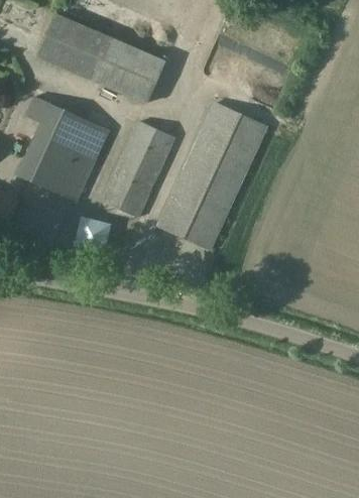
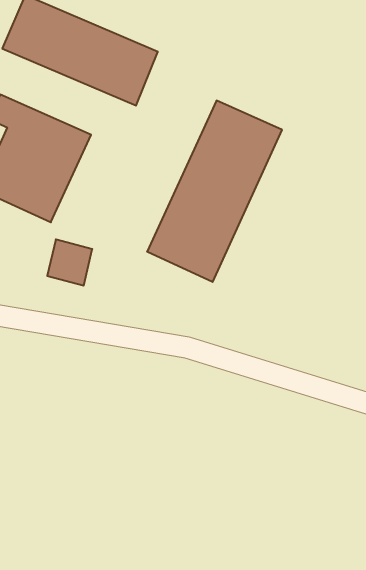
building: [101,120,175,219] -> none

